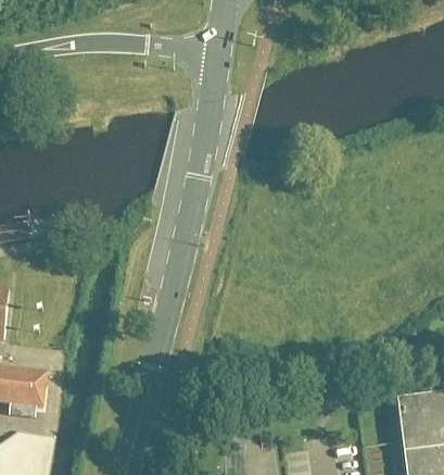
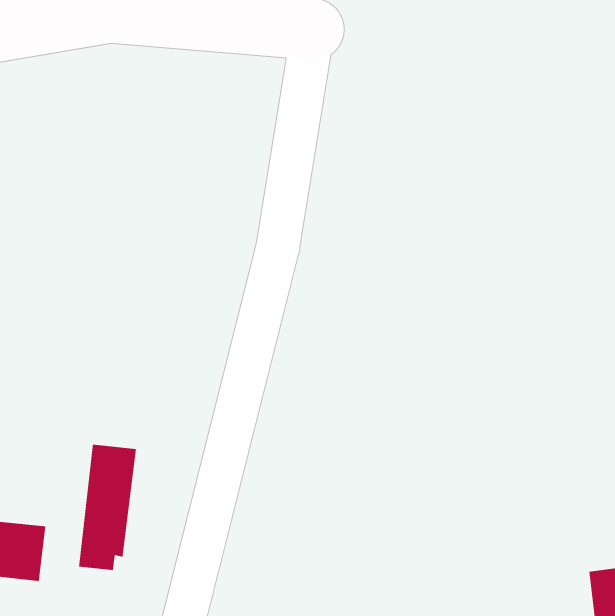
building: none -> [79,444,136,571]

